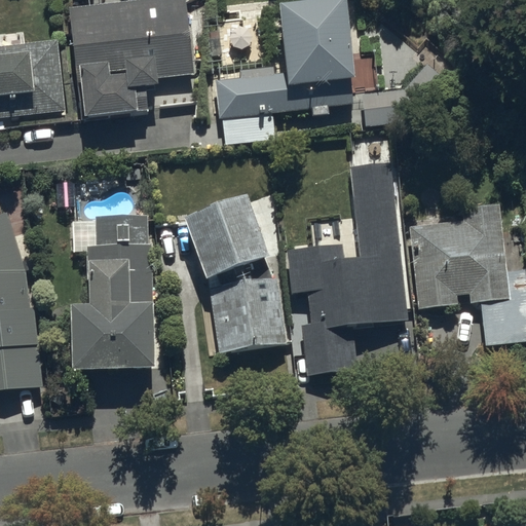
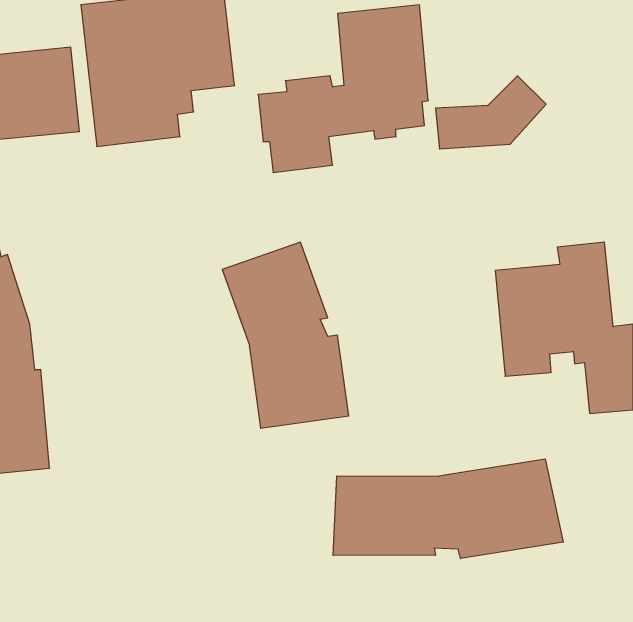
building: [286,157,407,374] -> none
building: [70,210,155,377] -> none
building: none -> [333,459,563,559]

